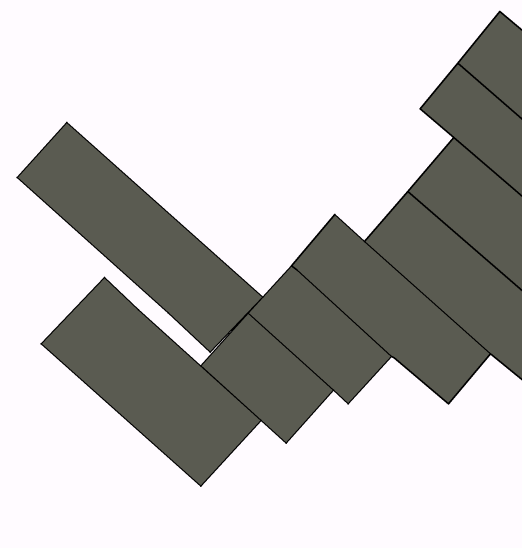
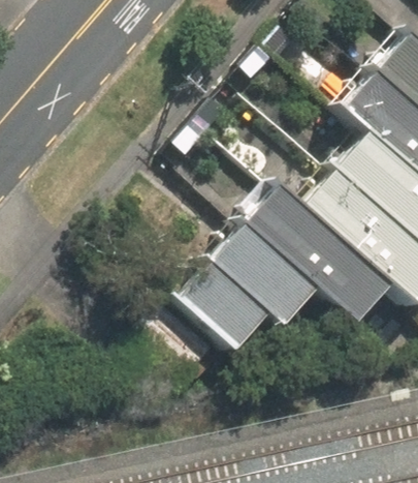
building: [17,123,263,352] -> none
building: [41,277,261,486] -> none

